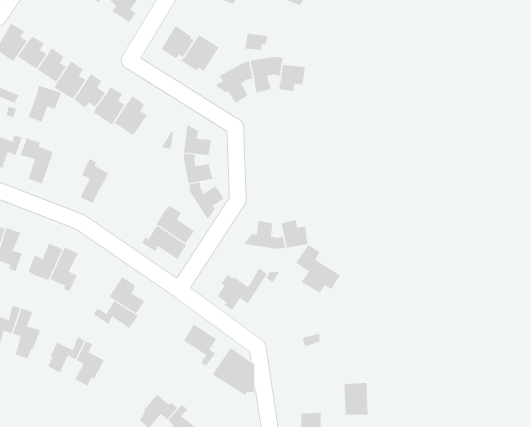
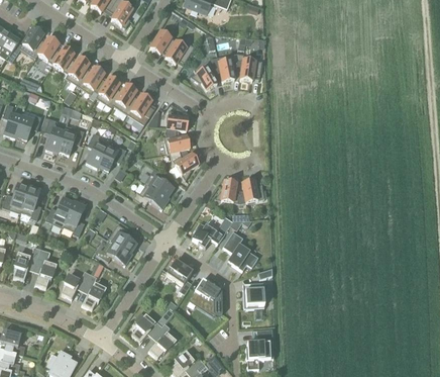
building: [28,85,62,123] -> [58,124,84,154]
building: none -> [127,93,153,124]
building: none -> [97,140,125,170]
building: [295,244,341,294] -> [222,230,257,269]
building: [344,383,368,415] -> [243,282,262,307]

